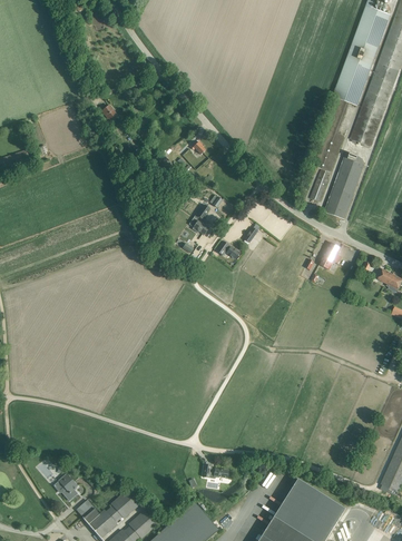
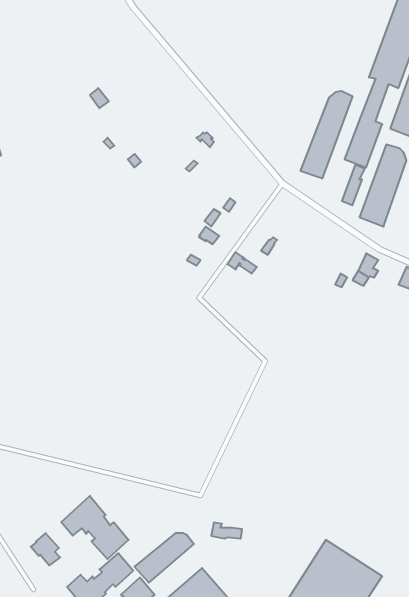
building: none -> [301,91,353,179]
building: none -> [61,496,129,559]
building: none -> [135,533,194,583]

